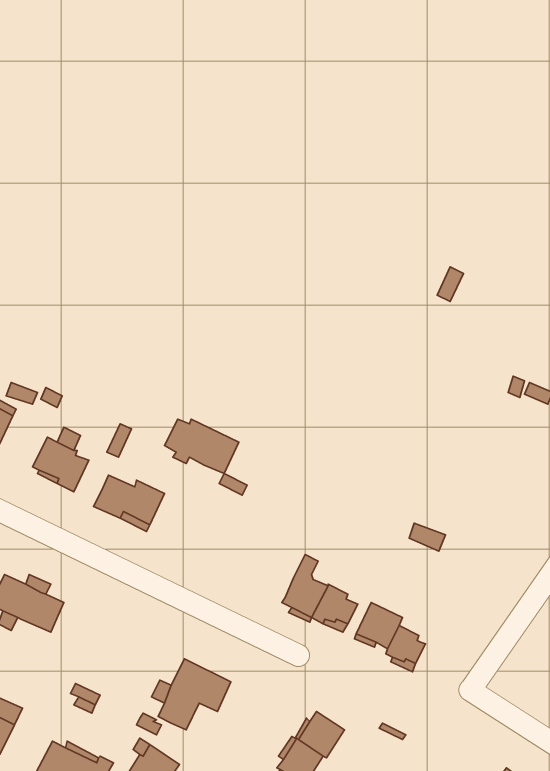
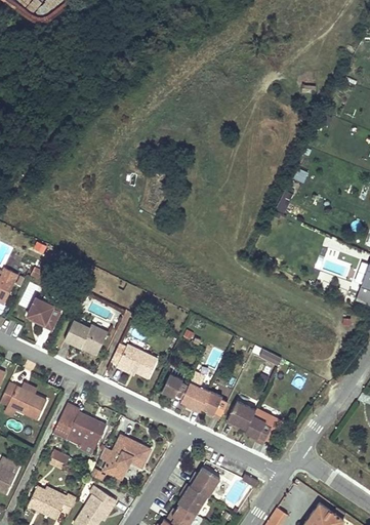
building: [165,419,239,474] -> [111,344,157,377]
building: none -> [161,372,188,397]
building: none -> [52,403,106,454]

